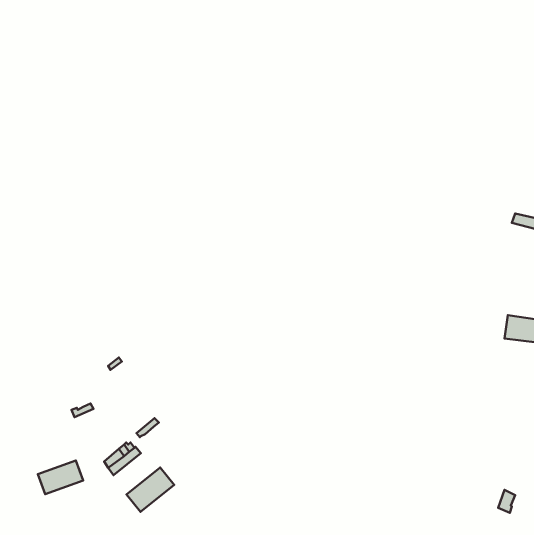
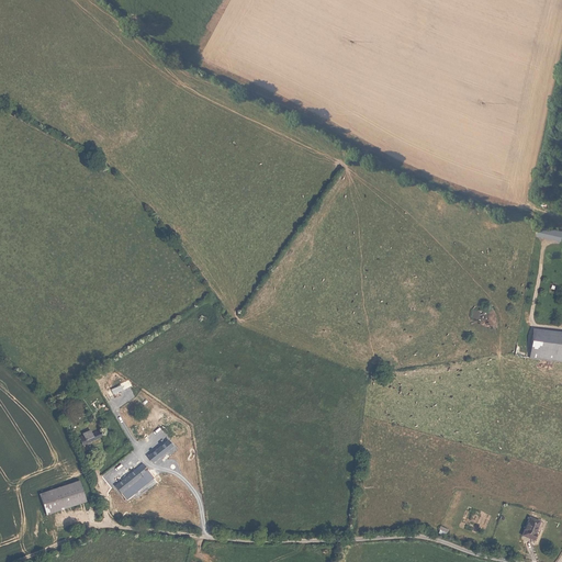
building: [127,467,174,512] -> none

